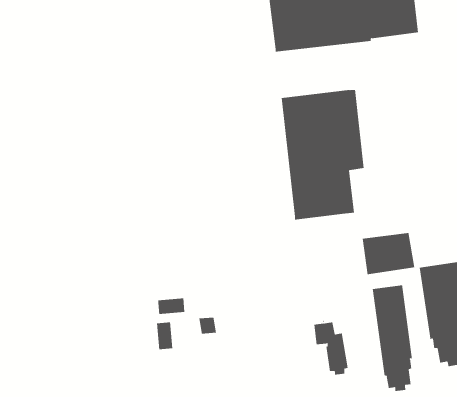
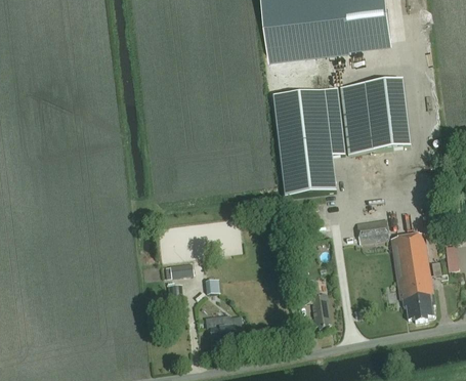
building: none -> [340,81,410,156]
building: [372,285,412,392] -> none
building: none -> [204,316,242,345]

